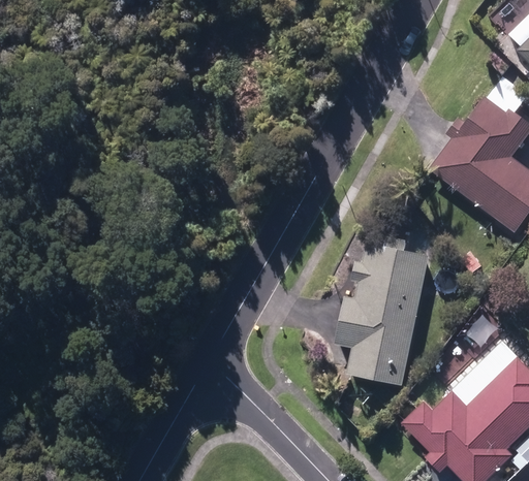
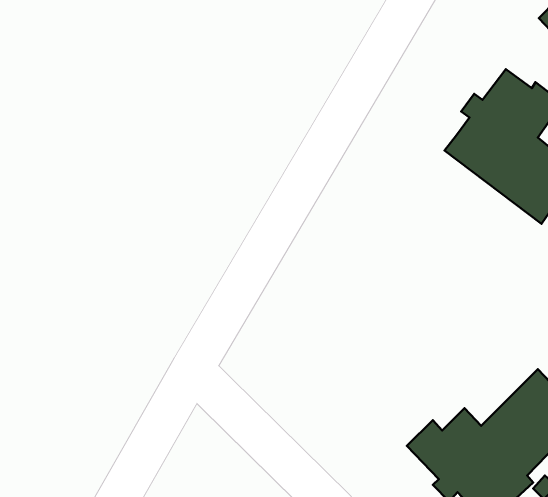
building: [333,233,427,385] -> none

